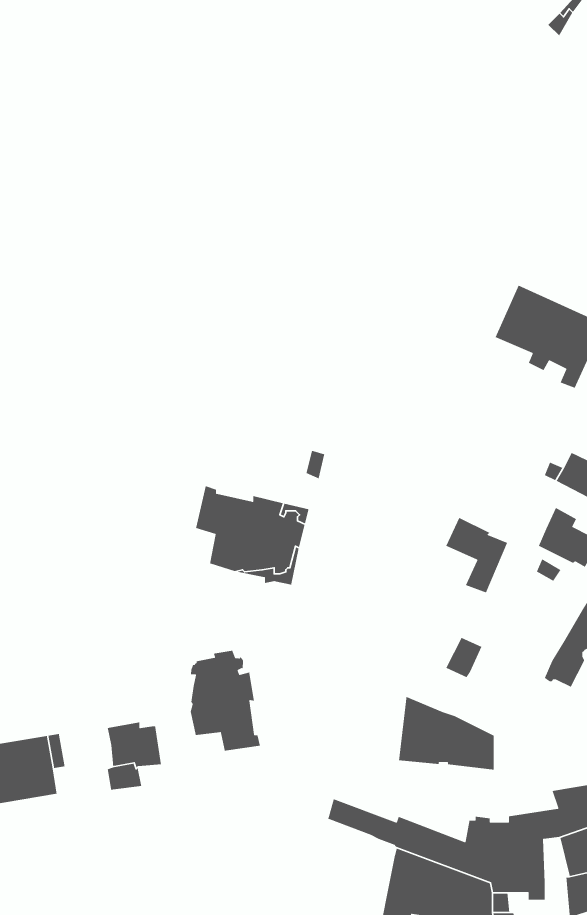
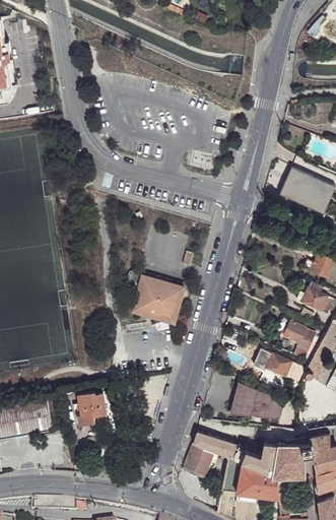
building: [445,517,508,594] -> [284,321,317,361]
building: none -> [267,353,298,380]
building: [190,650,261,752] -> none
building: none -> [185,444,215,478]

